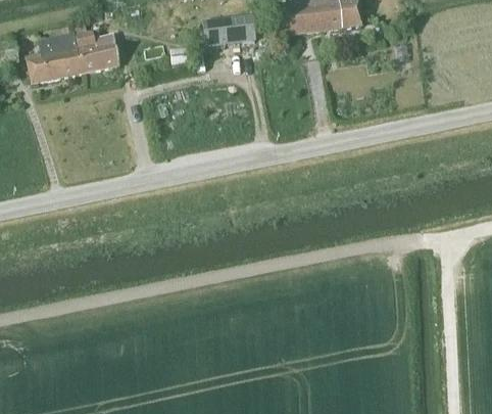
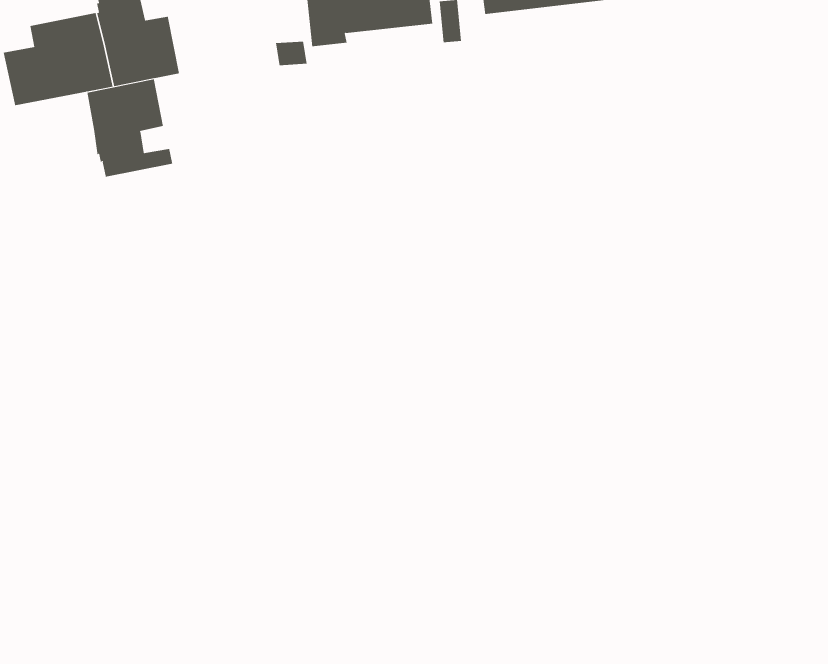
building: none -> [87,79,173,178]

